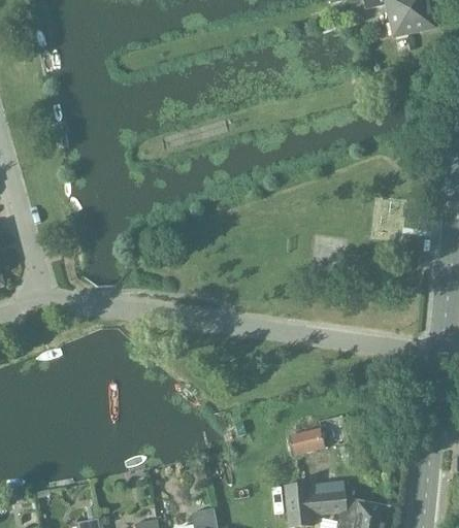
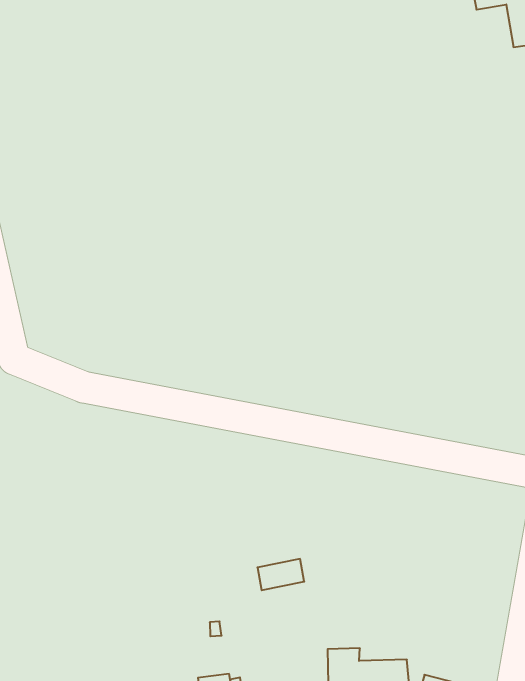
building: [289,429,324,454] -> [257,559,304,590]

